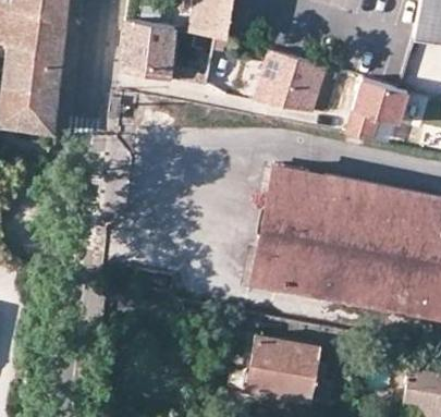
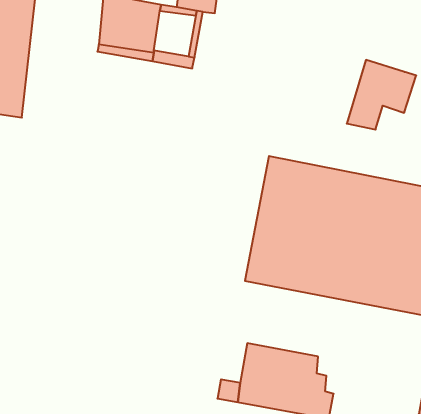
building: [254,51,327,115] -> none

